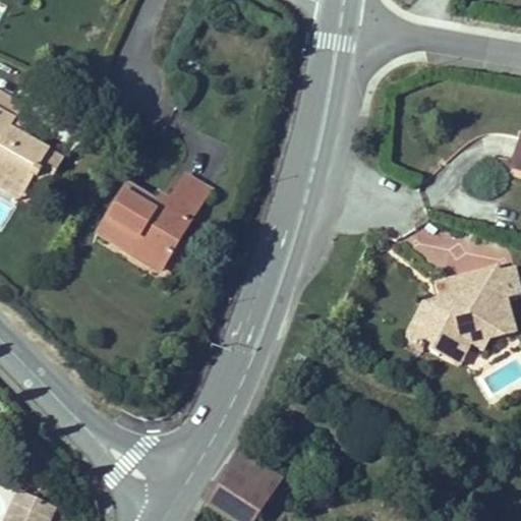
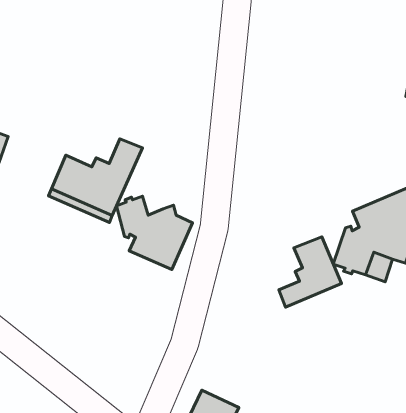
building: none -> [117,196,192,270]
building: none -> [279,237,341,307]

